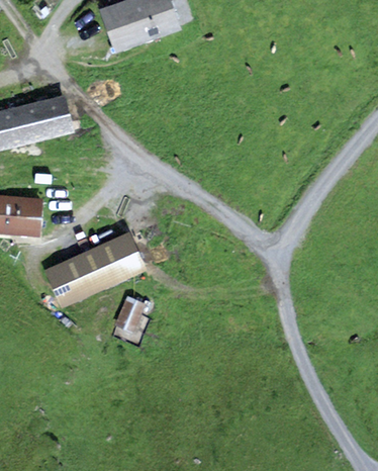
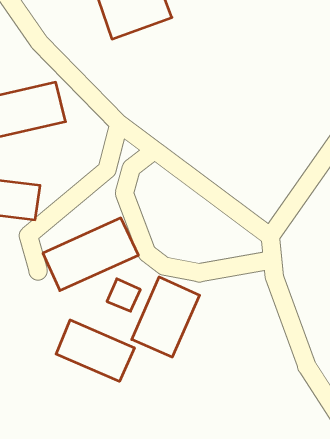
building: none -> [132,277,200,357]
building: none -> [56,320,134,381]

